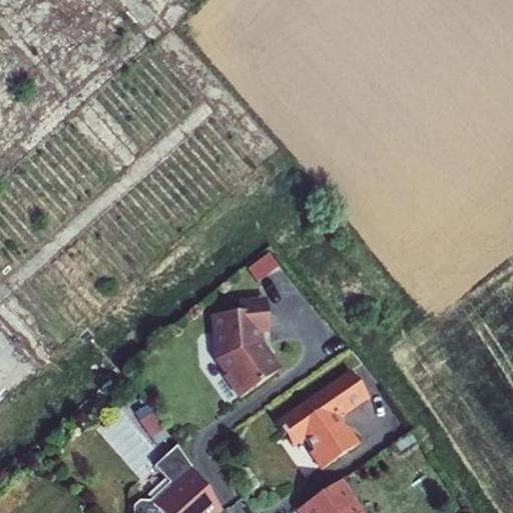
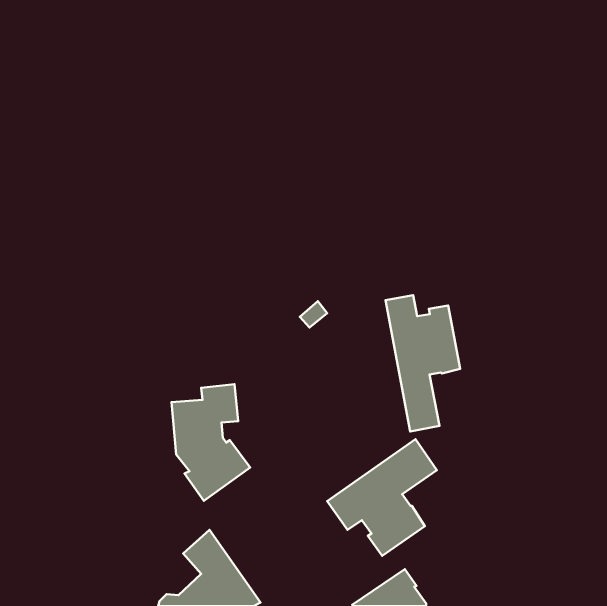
building: none -> [386,295,460,432]
building: [213,299,280,397] -> [172,384,250,501]

